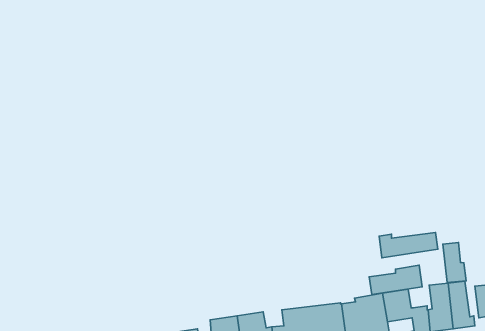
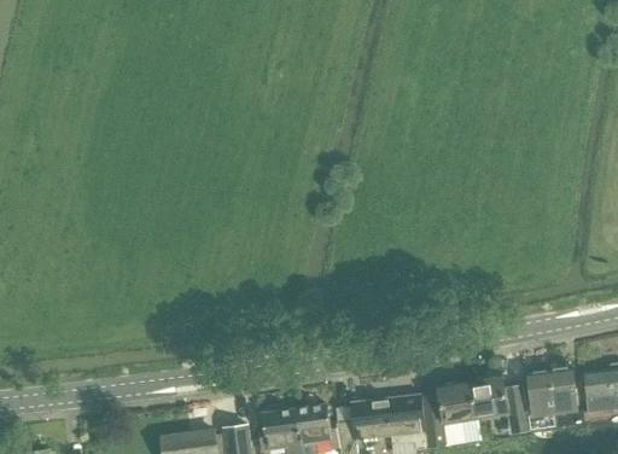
building: [379,232,438,258] -> none
building: [443,242,466,283] -> none
building: [369,265,422,295] -> none

